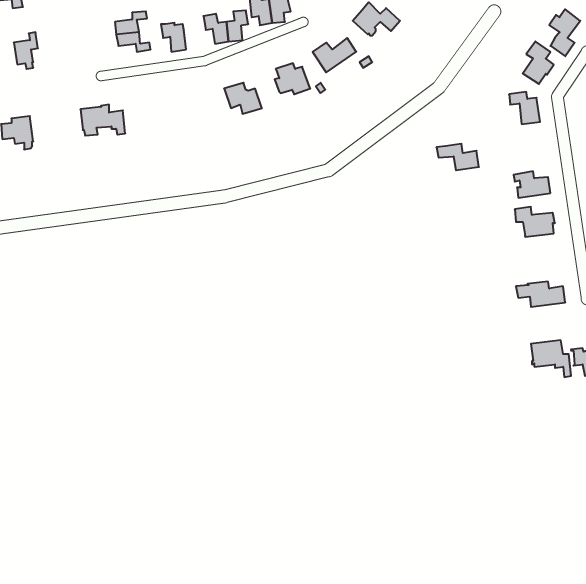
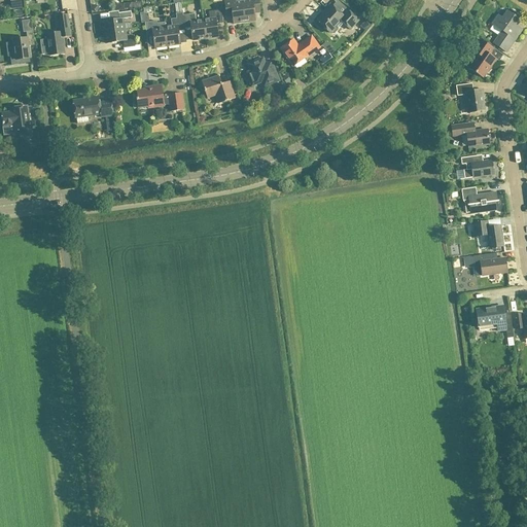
building: none -> [166,11,185,44]
building: none -> [40,12,71,55]
building: none -> [137,83,183,110]
building: [436,144,479,170] -> [452,121,490,145]
building: none -> [472,218,504,246]

